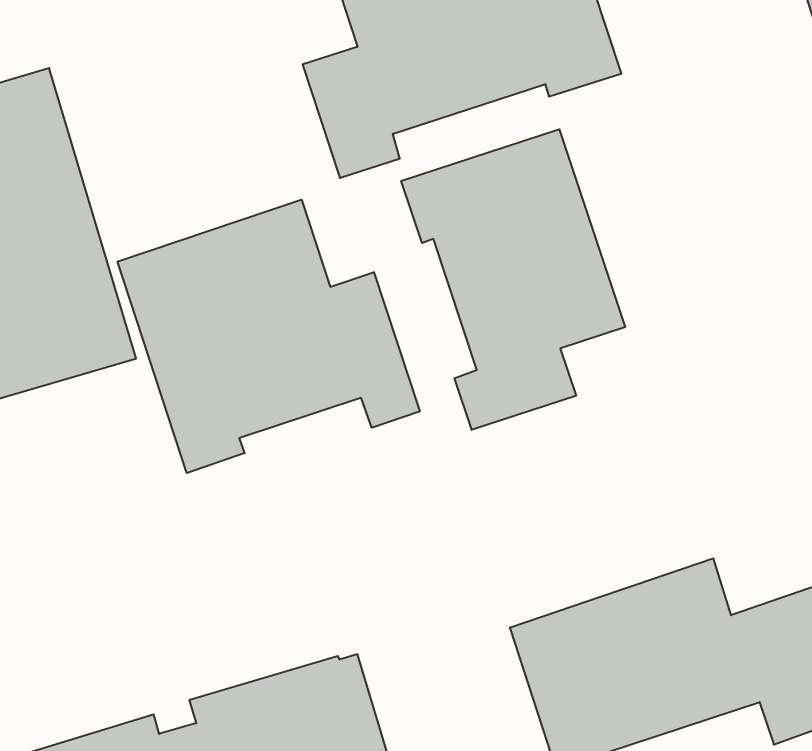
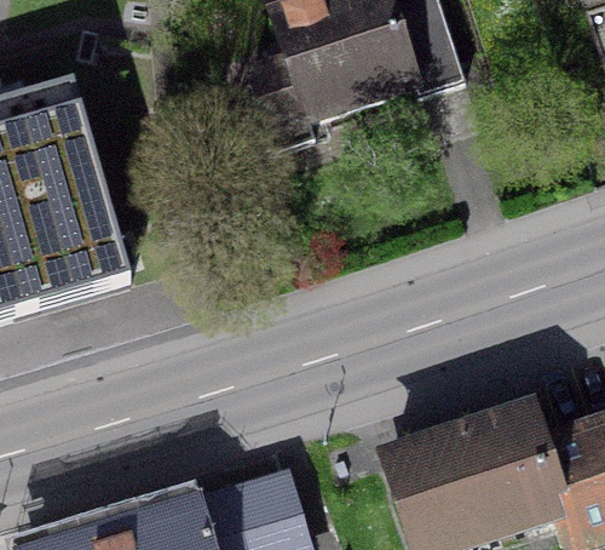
building: [401,129,625,430] -> none
building: [118,200,420,473] -> none

